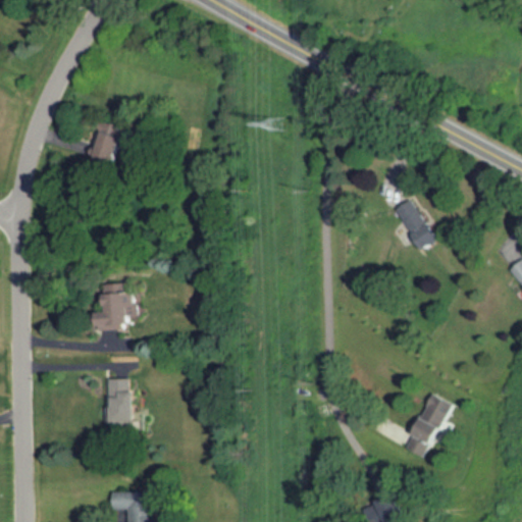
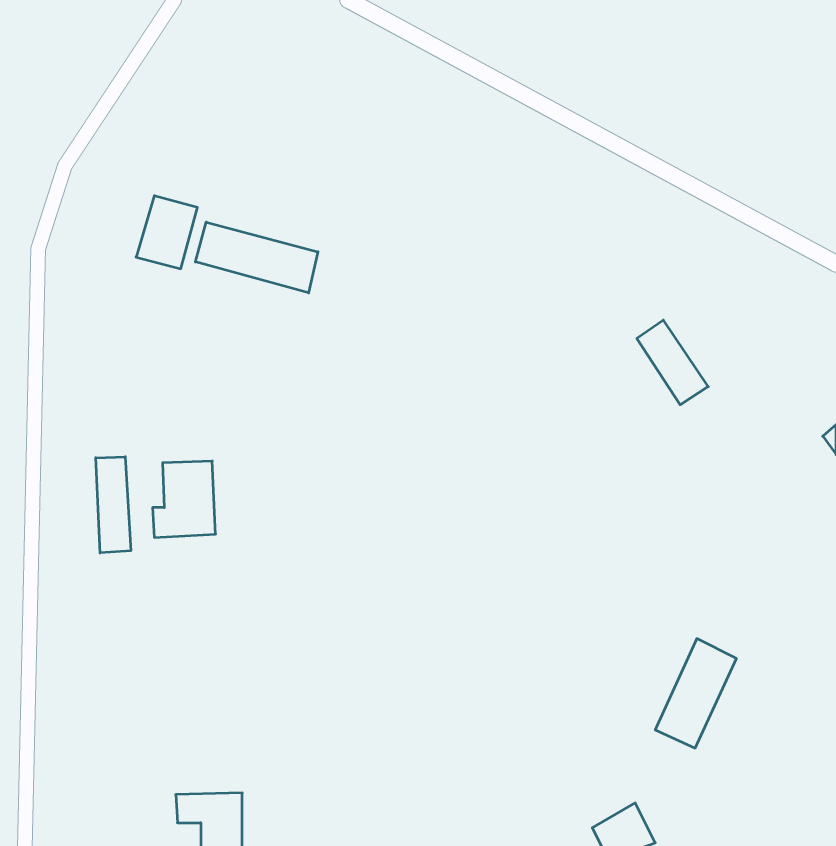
building: none -> [195,222,318,293]
building: none -> [96,457,131,553]
building: [106,380,136,432] -> none

